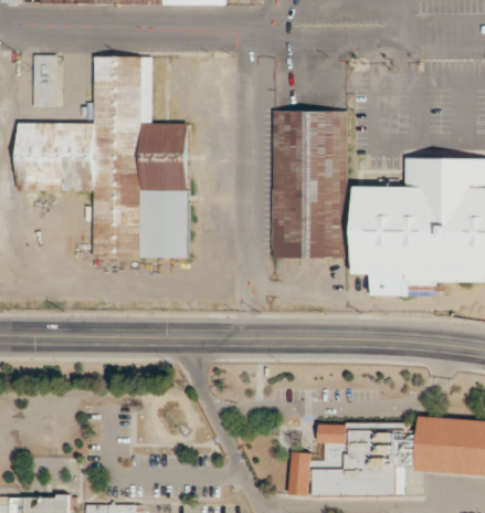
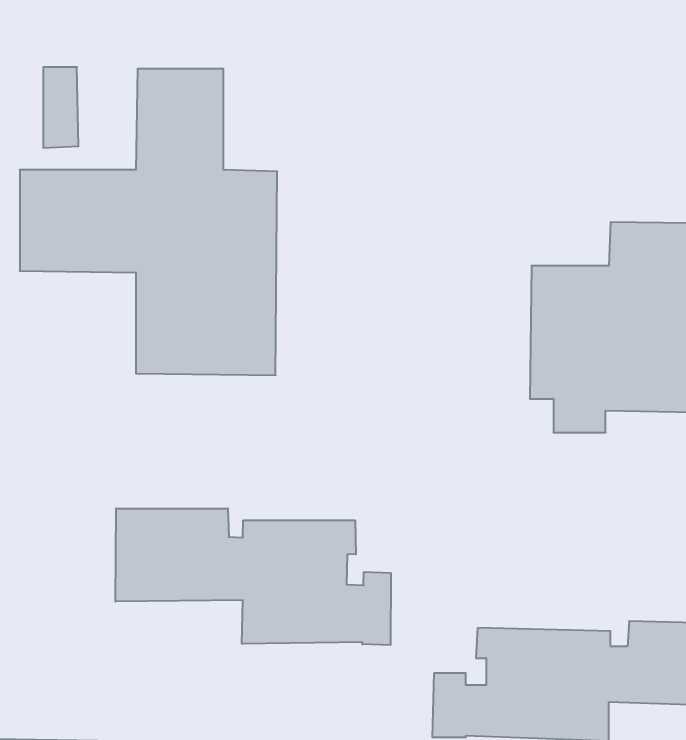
building: [271,111,345,258] -> none
building: none -> [115,508,391,645]

